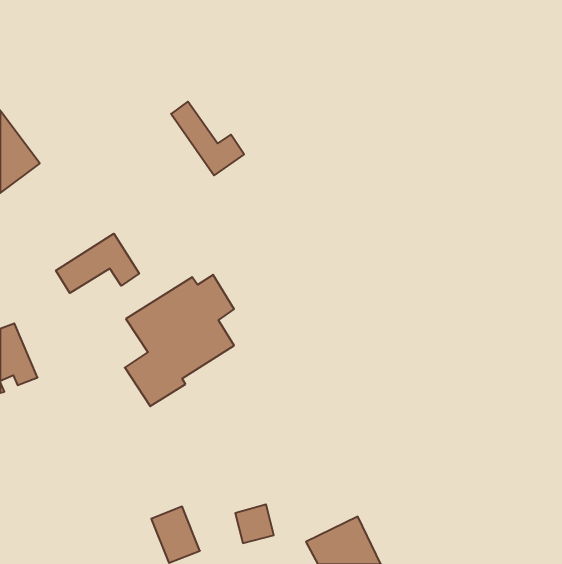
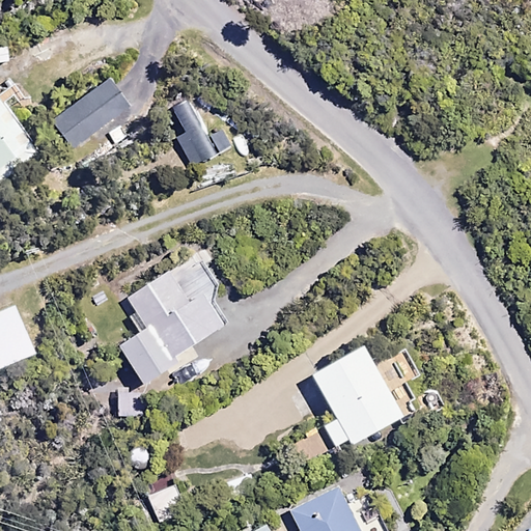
building: none -> [52,78,130,149]
building: [56,234,139,293] -> none
building: none -> [312,345,401,450]

